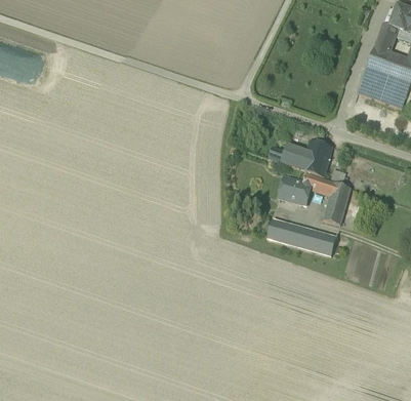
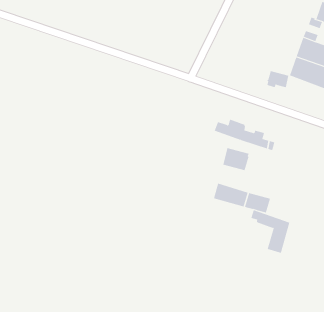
building: [305,138,332,159] -> [267,70,289,88]
building: [303,171,351,224] -> [251,209,290,254]

